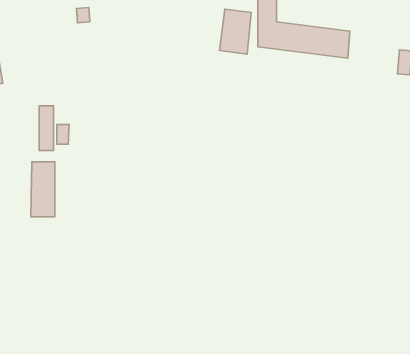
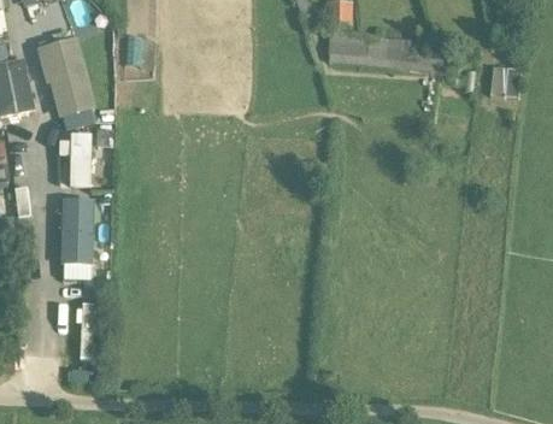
building: [219,9,251,54] -> none
building: none -> [40,42,90,114]

